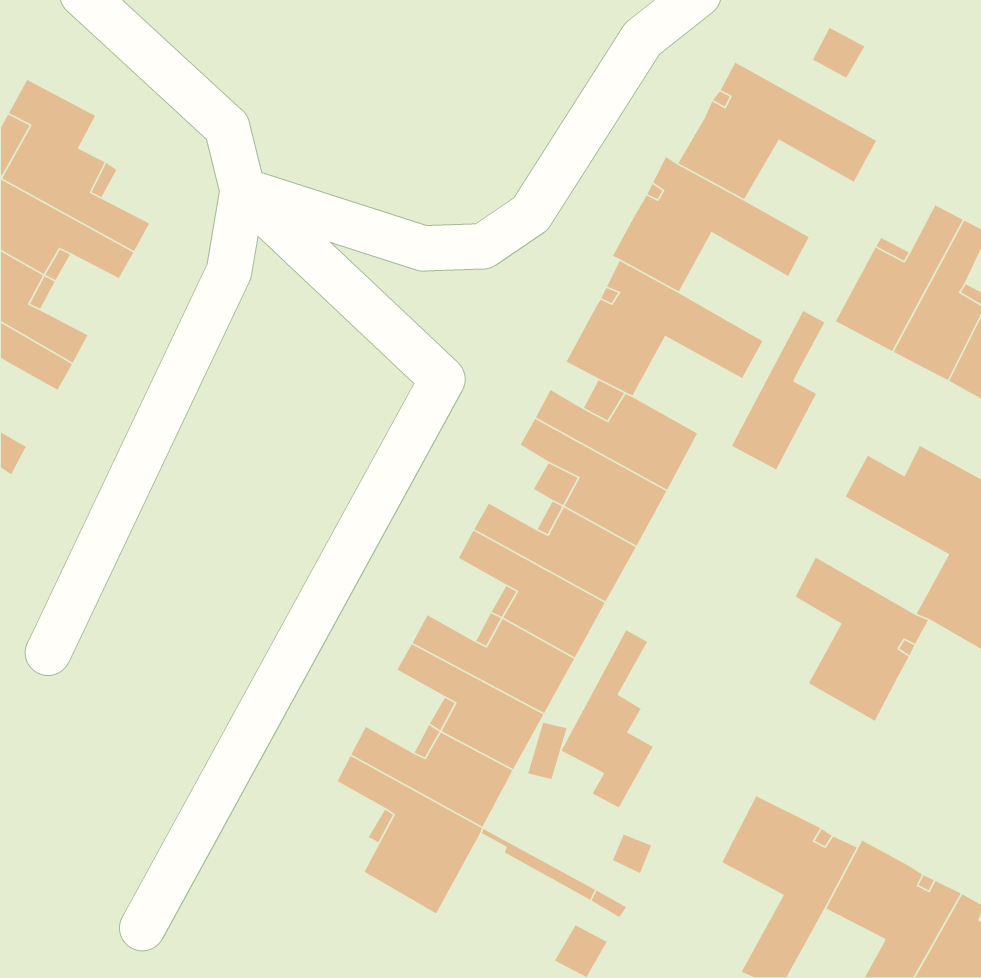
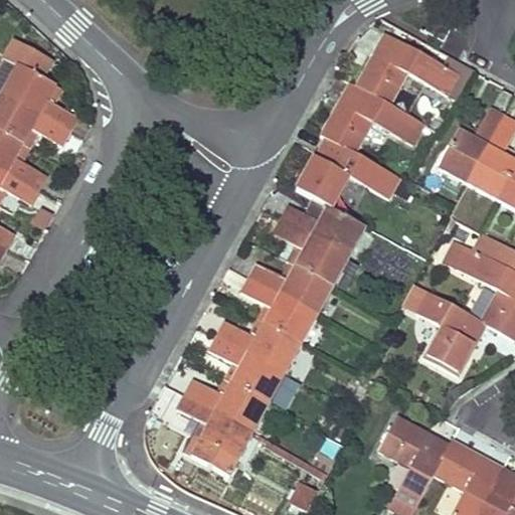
building: [731,310,826,470] -> none
building: [561,629,654,808] -> none

